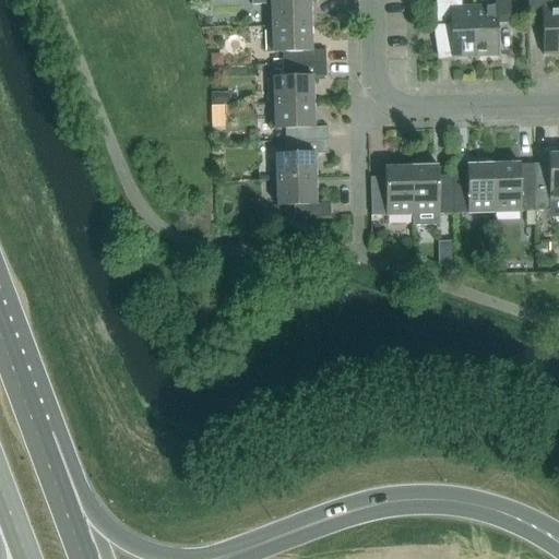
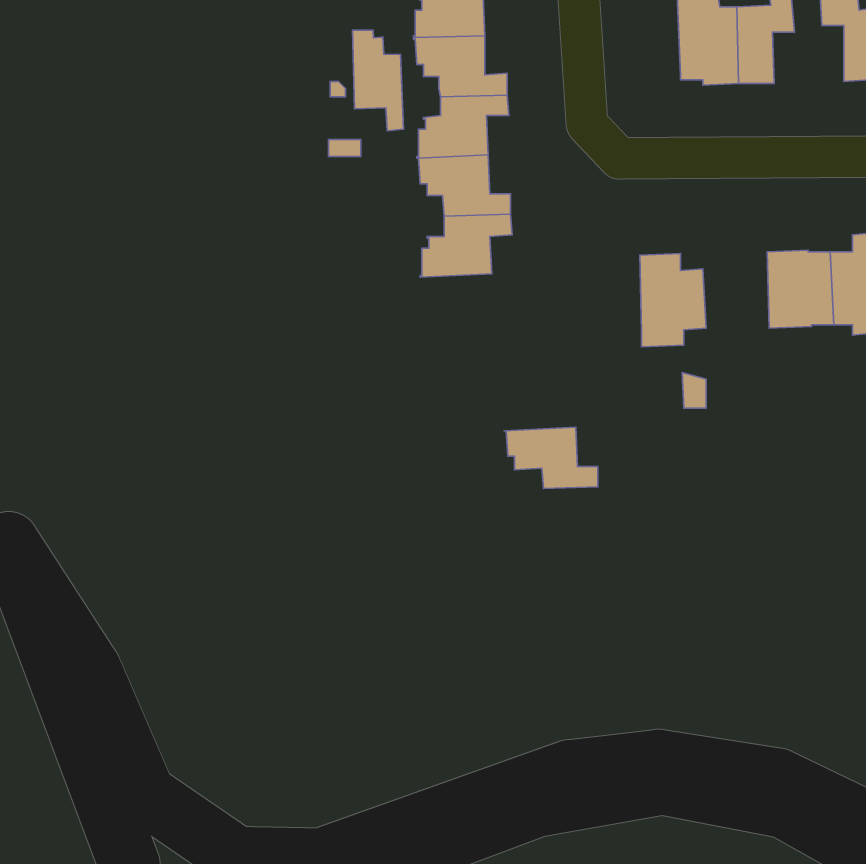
building: none -> [353,30,403,131]
building: [453,162,496,212] -> none
building: [371,164,414,214] -> none
building: [272,176,332,215] -> [504,427,598,488]

